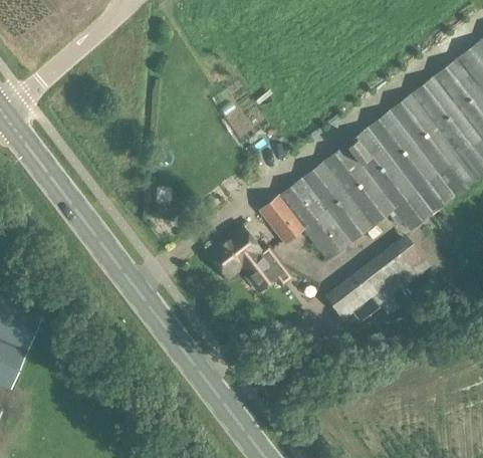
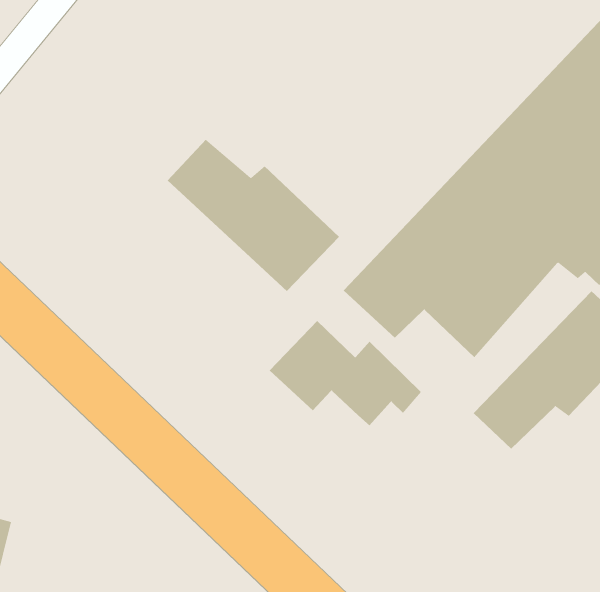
building: none -> [167,139,340,292]

